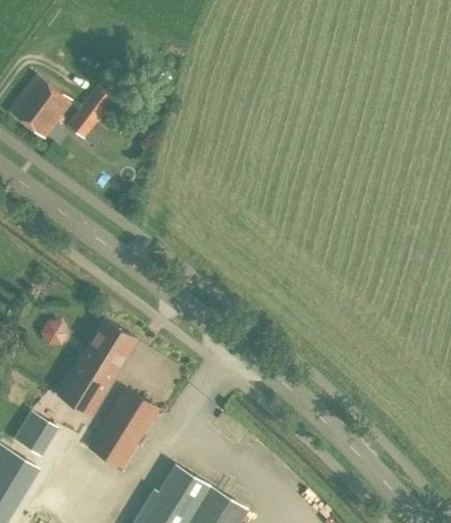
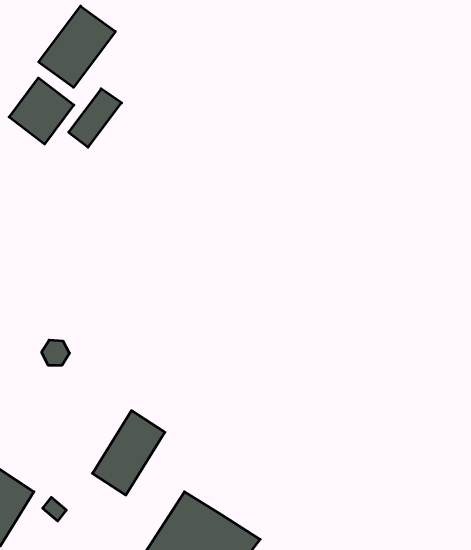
building: none -> [39,6,115,87]
building: [57,320,137,415] -> none
building: [14,412,53,453] -> none

